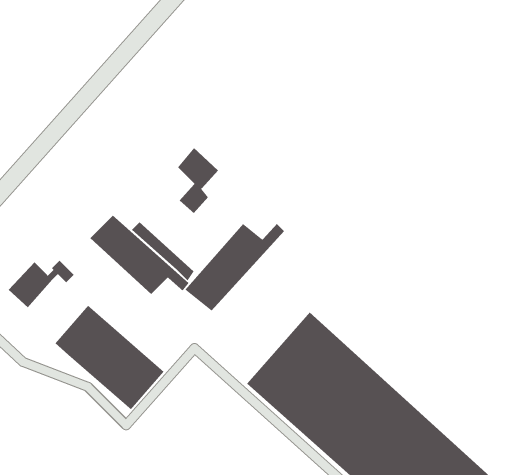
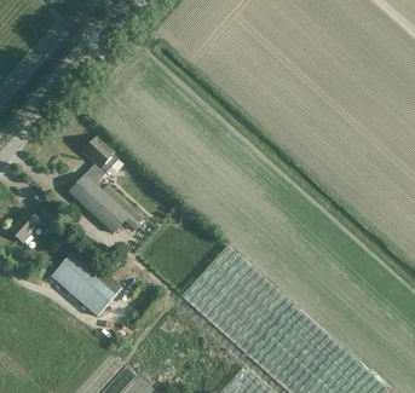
building: [177,147,219,214] -> [83,135,114,184]
building: [184,223,285,312] -> none

